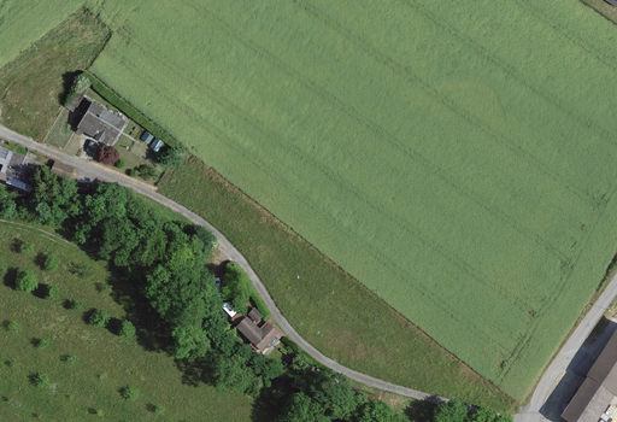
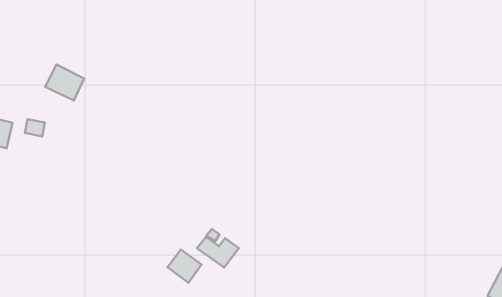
building: none -> [167,250,202,283]

